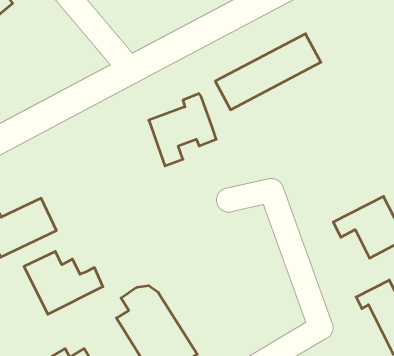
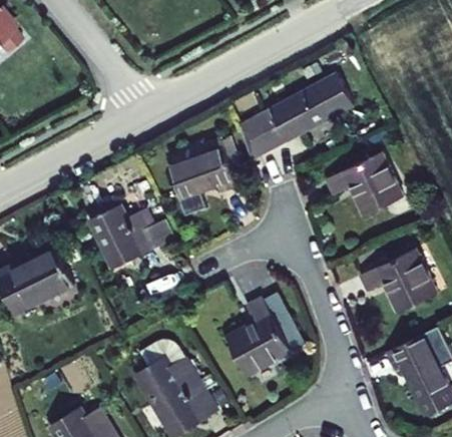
building: none -> [327,148,405,215]
building: none -> [227,291,305,374]
building: [24,251,103,314] -> [86,204,169,271]

